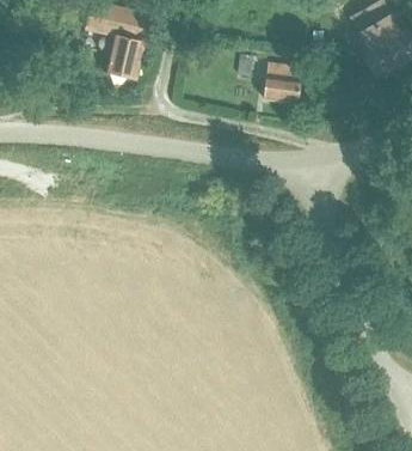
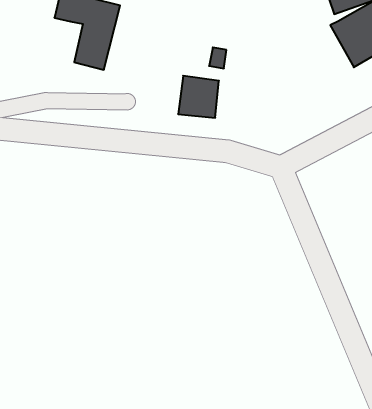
building: [263,62,302,103] -> [178,76,219,118]

